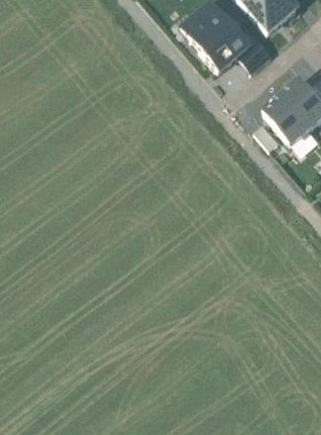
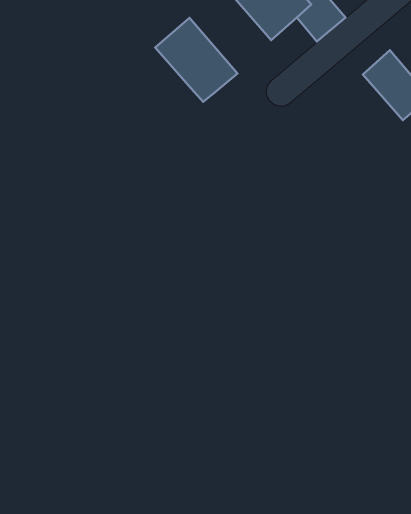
building: none -> [155,18,238,102]
building: [262,95,311,144] -> none

